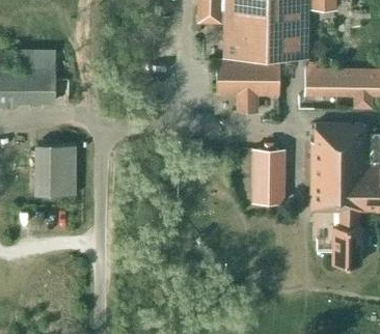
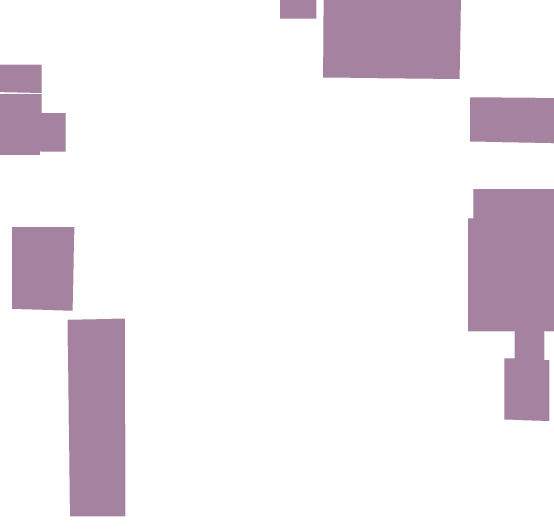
building: [216,60,280,96] -> none
building: [252,148,284,193] -> none
building: none -> [67,318,126,517]

